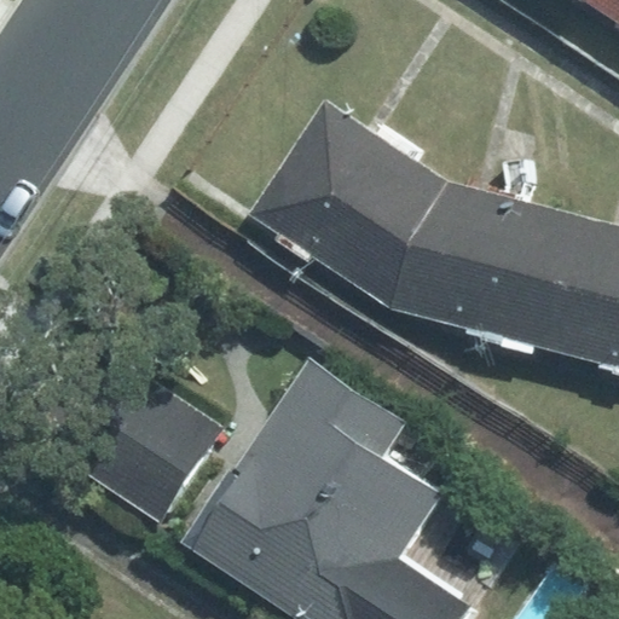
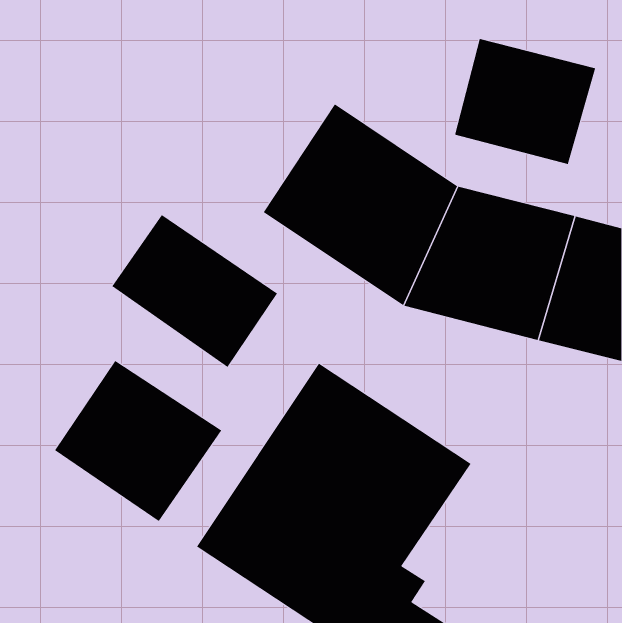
building: none -> [454,38,596,165]
building: none -> [111,214,278,368]

